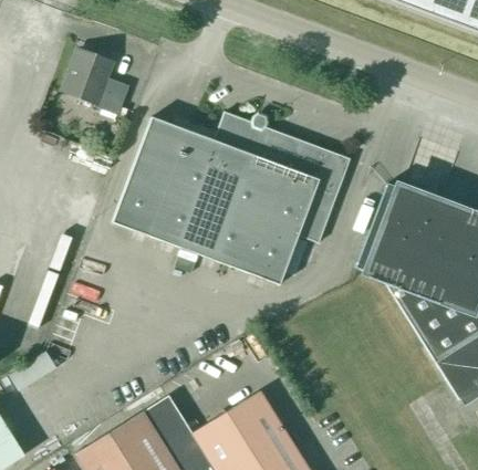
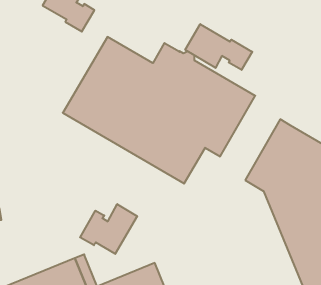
building: none -> [185,24,252,70]
building: none -> [80,204,137,254]

